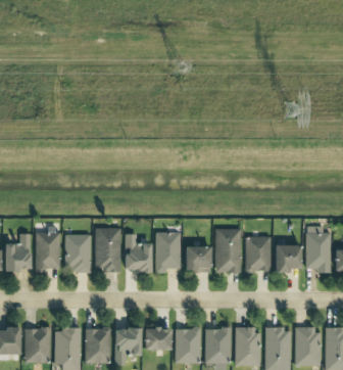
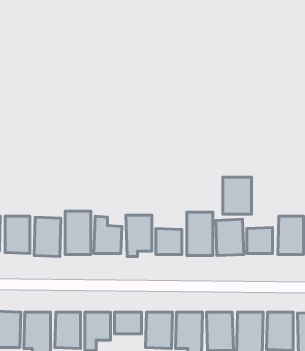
building: none -> [223,177,252,214]

